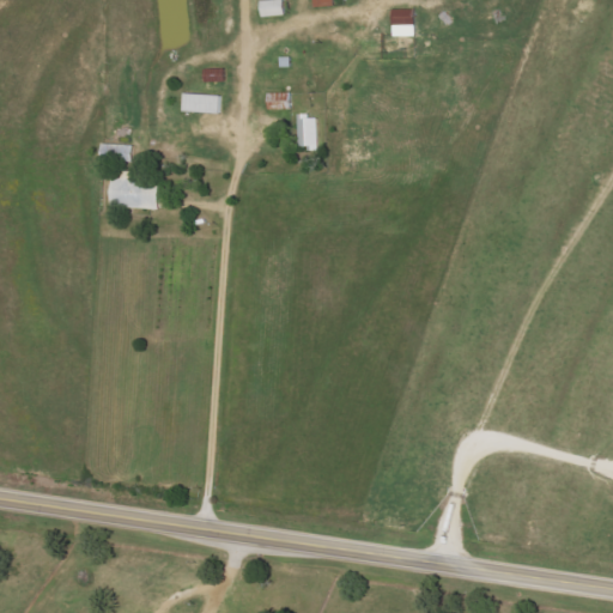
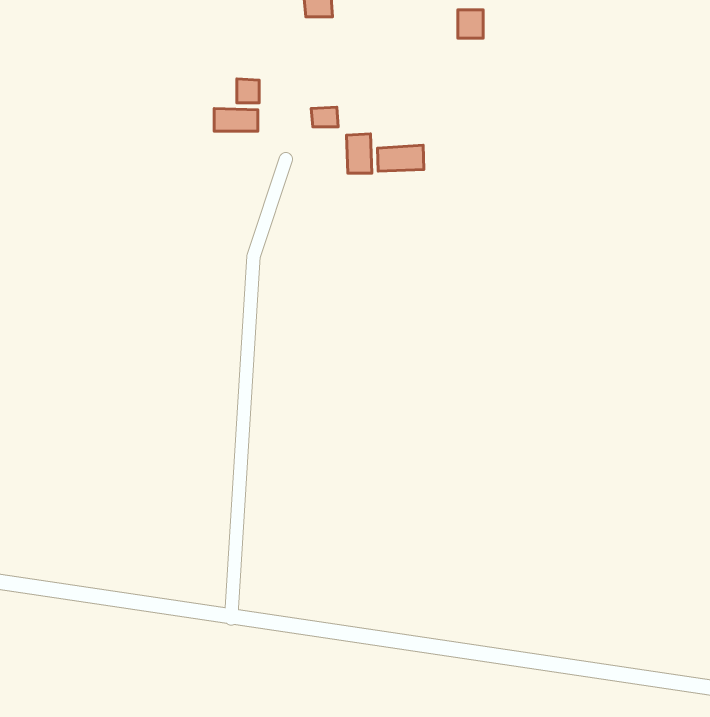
building: none -> [377,145,424,171]
building: [110,180,158,207] -> none

